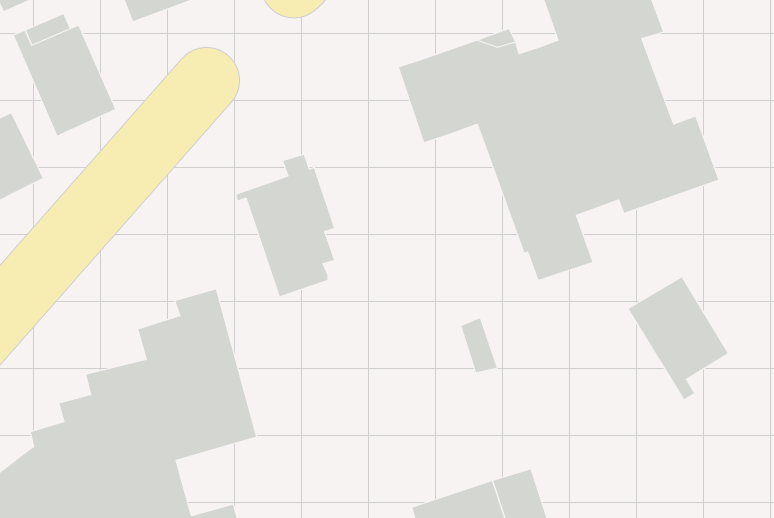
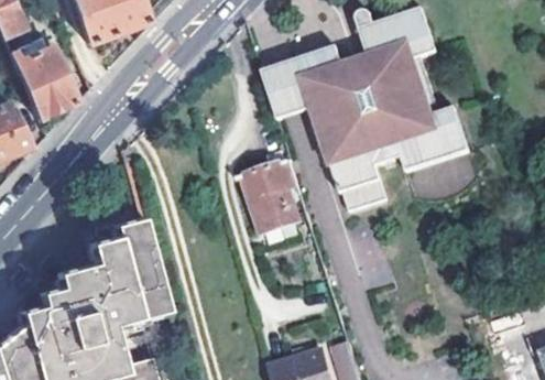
building: [236,154,335,297] -> [238,148,303,241]
building: [628,277,729,400] -> none

